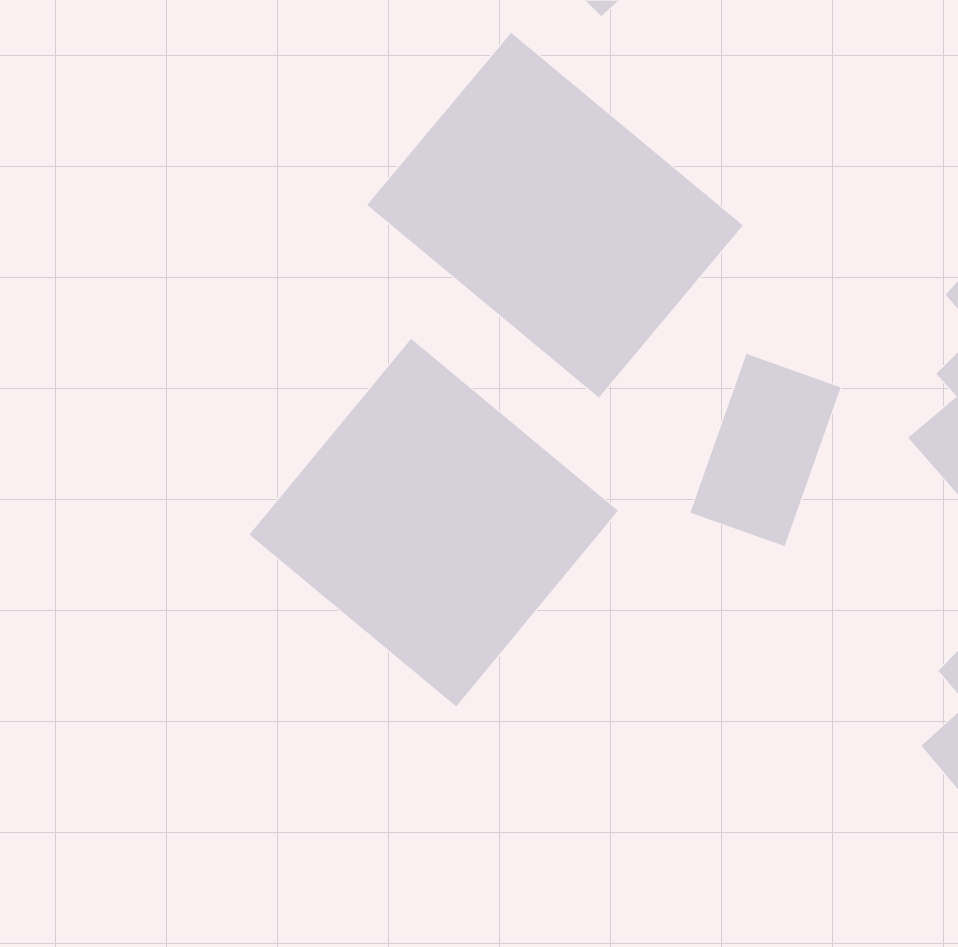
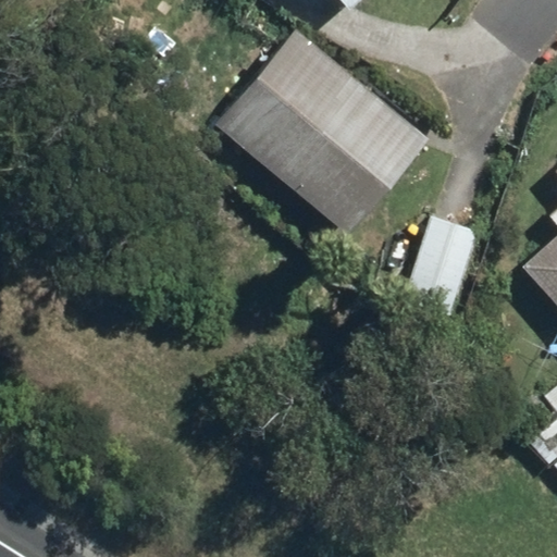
building: [248,338,619,708] -> none

